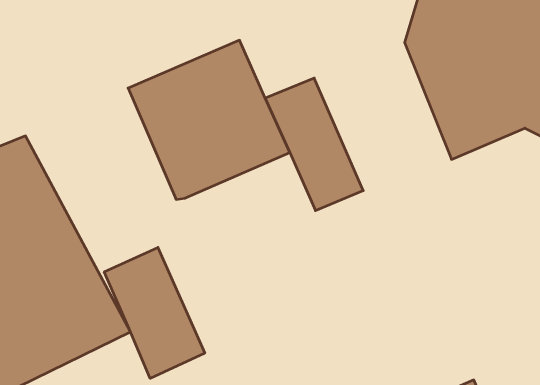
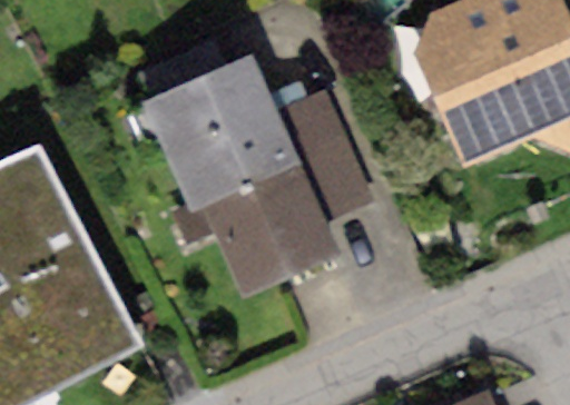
building: none -> [198,164,343,302]
building: [104,247,205,378] -> none

